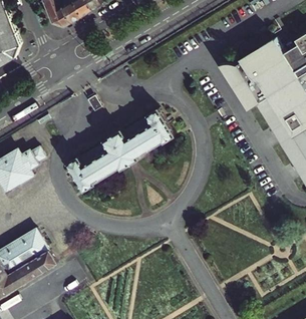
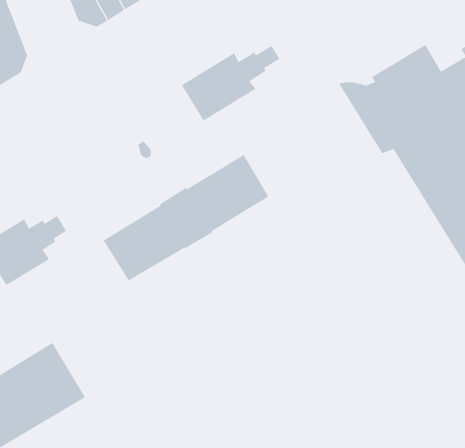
building: none -> [181,45,280,122]

